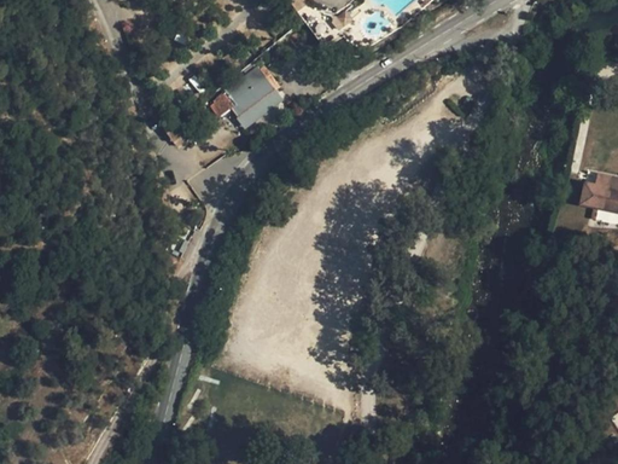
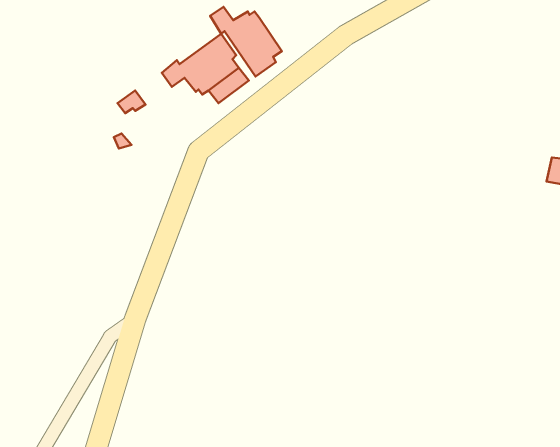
building: none -> [210,7,282,76]

